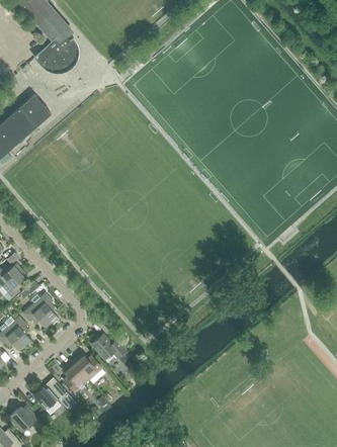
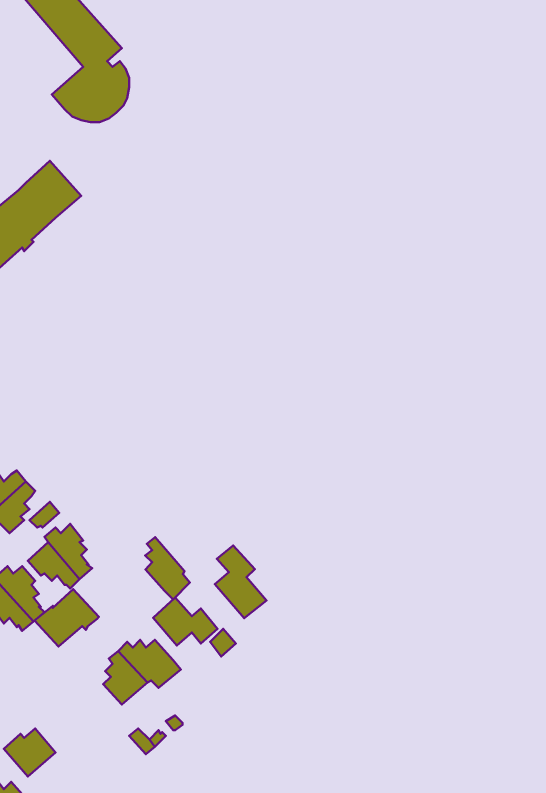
building: none -> [145,537,190,599]
building: none -> [215,545,266,618]
building: [31,378,67,410] -> [34,589,99,646]

